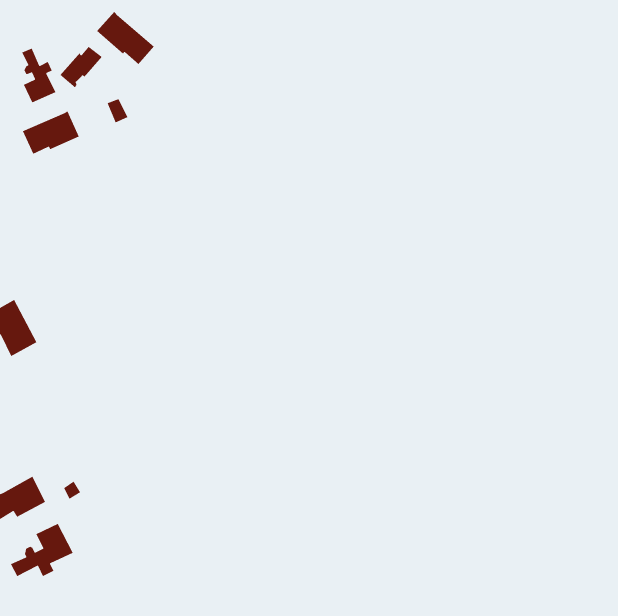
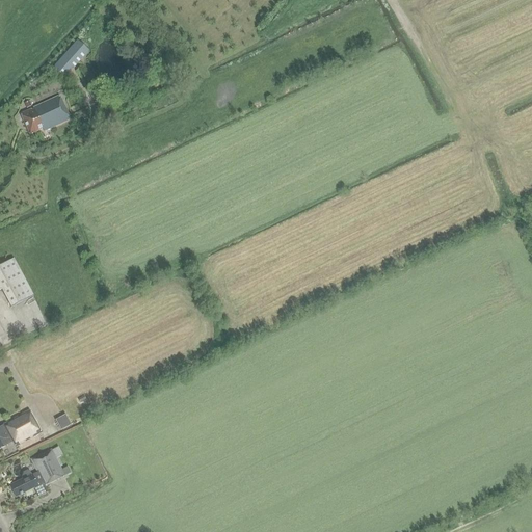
building: [96,11,155,65] -> none
building: [21,47,56,104] -> none

